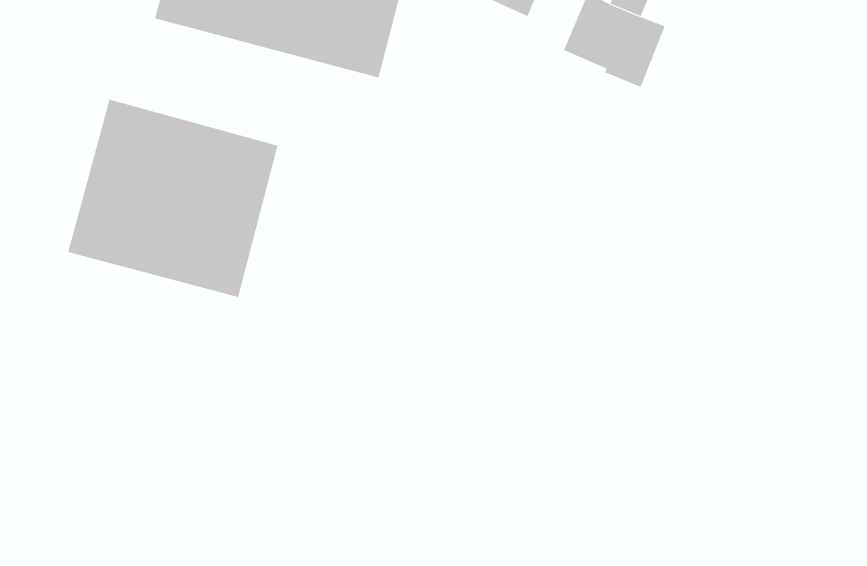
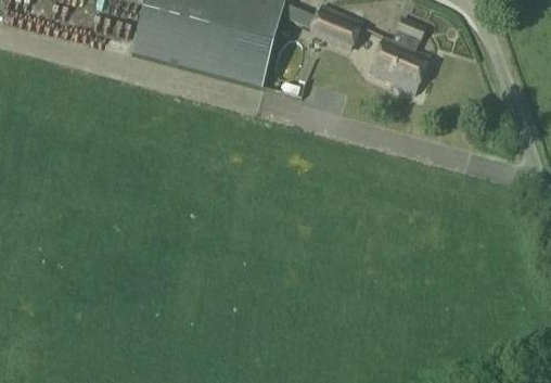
building: [68,99,278,298] -> none

